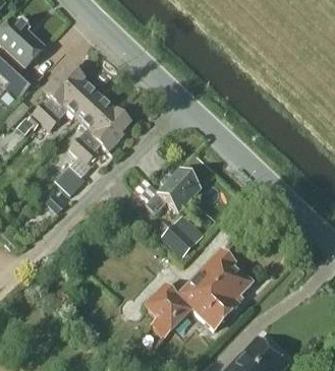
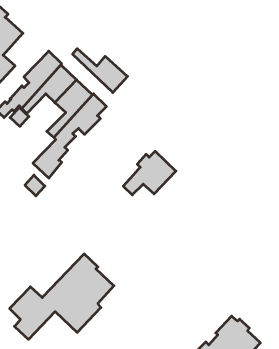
building: none -> [73,49,128,93]
building: [162,213,204,256] -> none
building: [145,249,252,336] -> [10,254,114,339]

